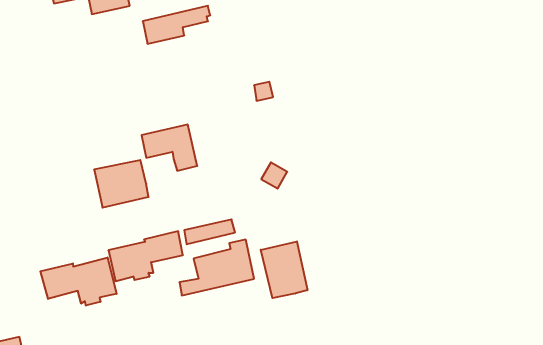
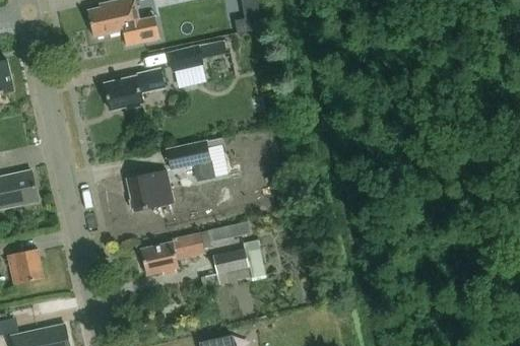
building: none -> [104,70,164,110]
building: [261,241,307,298] -> none
building: [40,257,117,306] -> none

